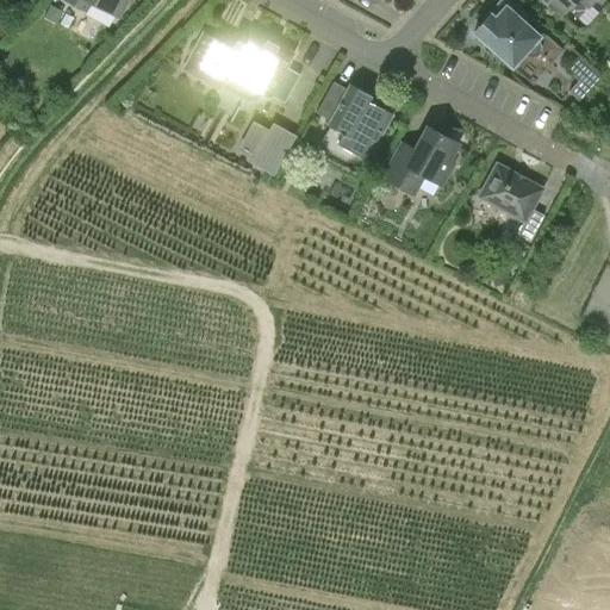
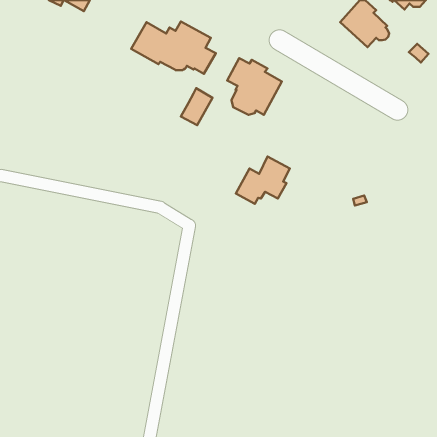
building: [384,126,459,192] -> [236,157,290,204]
building: [479,163,544,241] -> none

